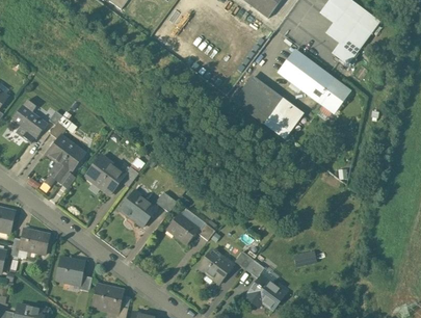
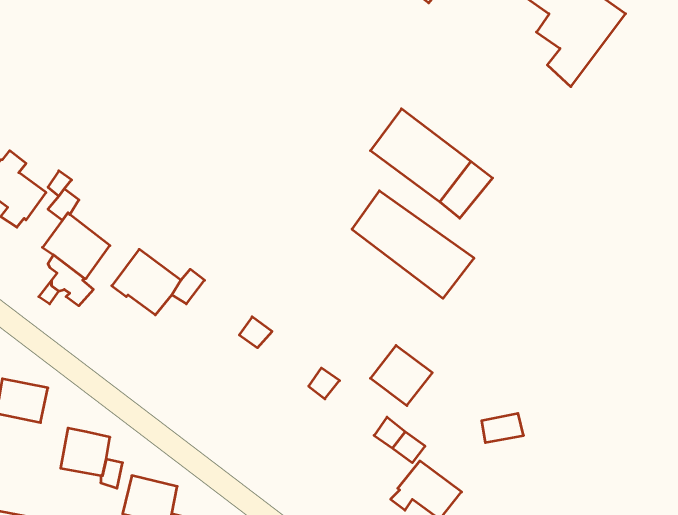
building: [279,50,348,111] -> [352,191,474,298]
building: [120,190,157,227] -> none
building: [166,213,199,243] -> none
building: [198,248,233,283] -> [370,345,432,406]

